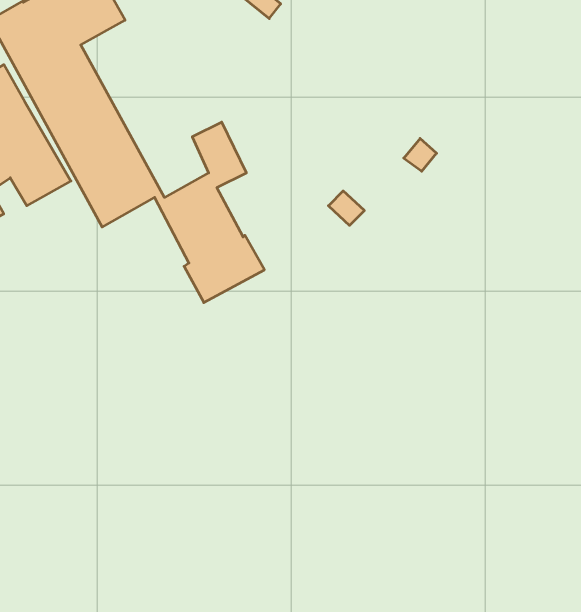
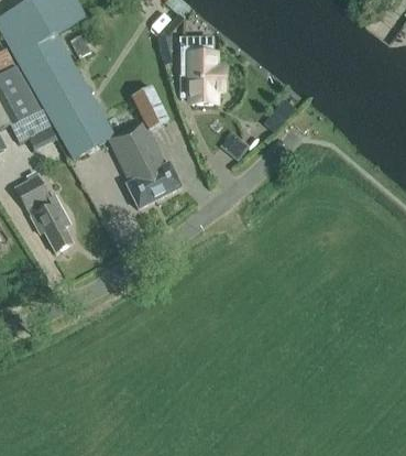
building: none -> [183,35,223,100]
building: none -> [18,177,73,253]

